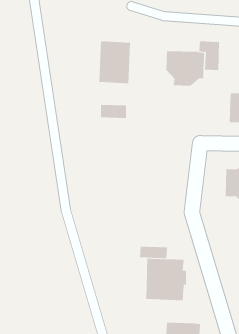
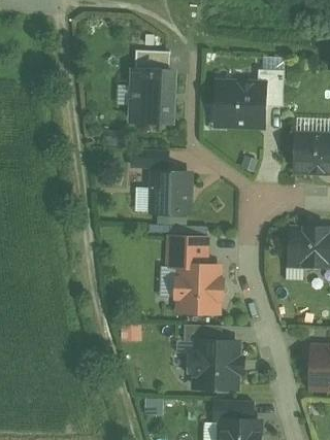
building: none -> [135,52,169,72]
building: none -> [153,173,189,213]
building: none -> [168,237,223,313]
building: none -> [212,402,253,422]

